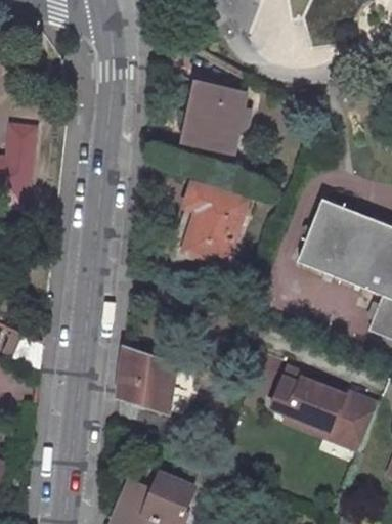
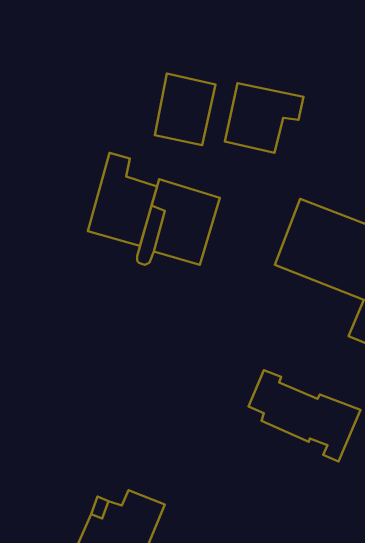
building: none -> [225,83,304,153]
building: none -> [88,153,157,246]
building: [118,345,175,411] -> none

